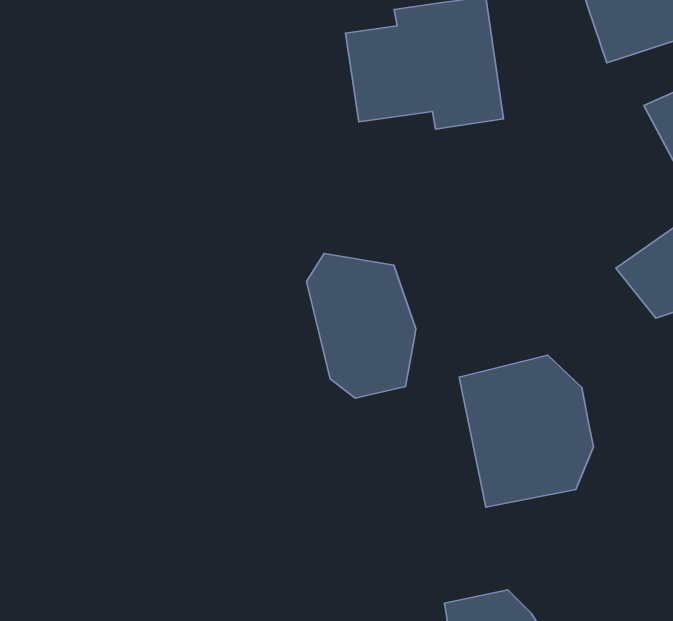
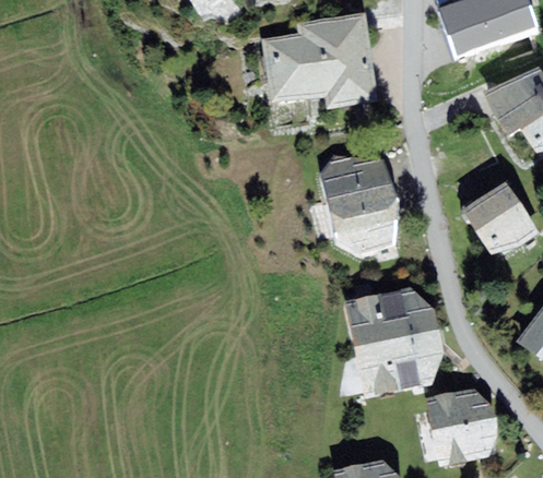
building: [307,253,416,398] -> [320,152,401,259]
building: none -> [426,383,497,462]

